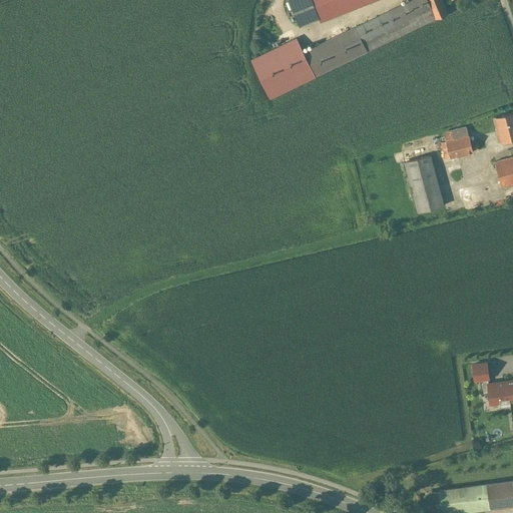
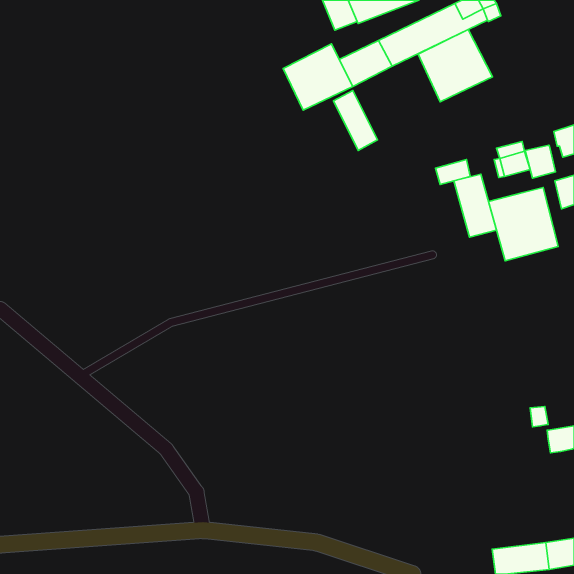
building: none -> [418,29,492,102]
building: none -> [333,90,377,150]
building: none -> [525,145,555,178]
building: none -> [436,160,470,184]
building: none -> [488,187,558,261]

